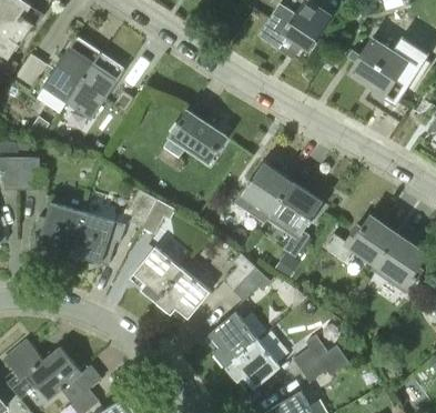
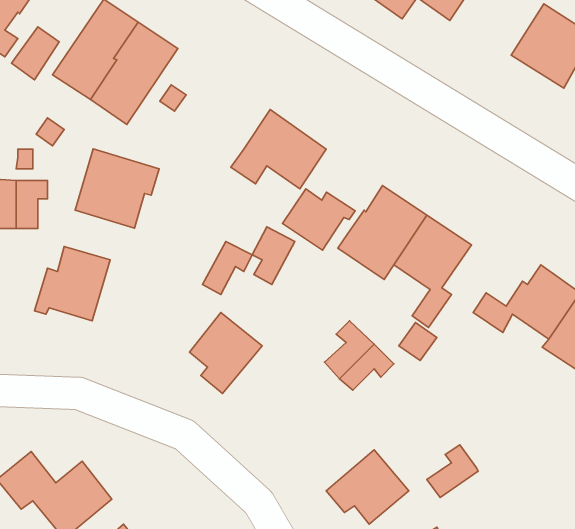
building: none -> [282,189,355,250]
building: [130,189,159,228] -> [252,227,295,285]
building: [69,211,125,264] -> [75,149,159,228]
building: [156,269,211,318] -> none
building: [210,312,258,366] -> none
building: [303,344,349,381] -> none

